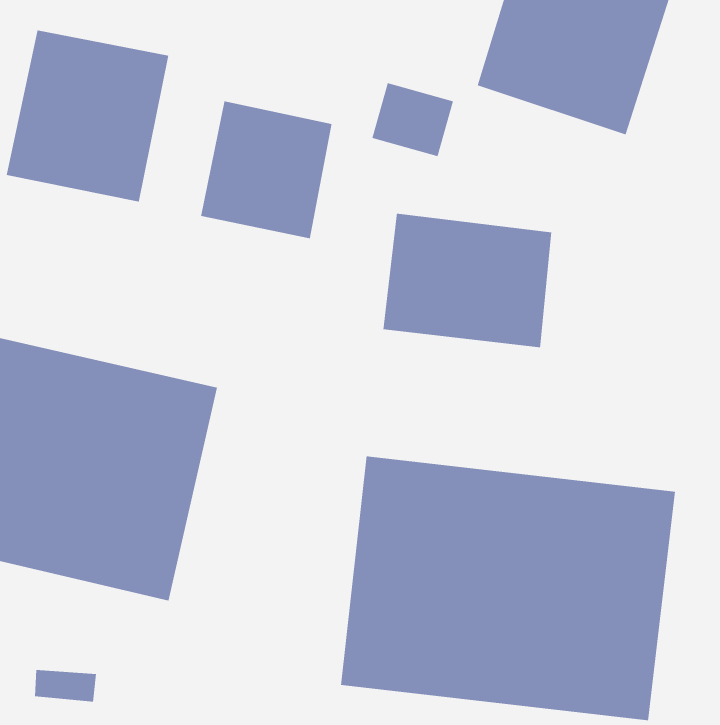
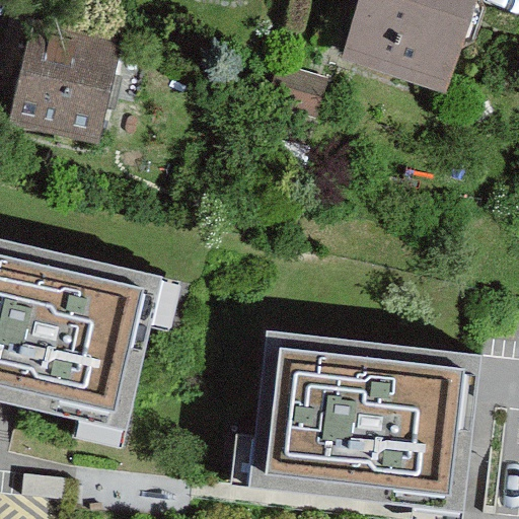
building: [200,100,332,239] -> none
building: [383,213,552,348] -> none

